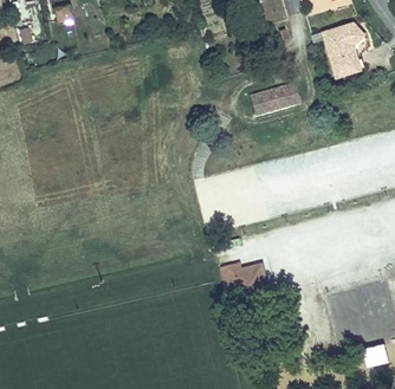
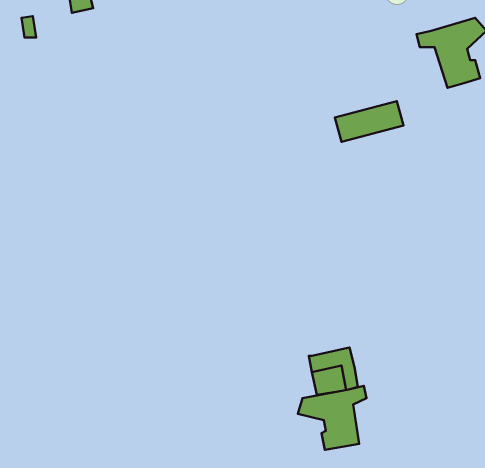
building: none -> [298,386,366,450]

